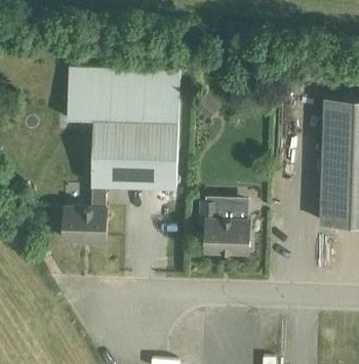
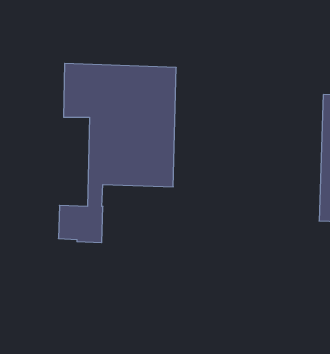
building: [200,196,249,253] -> none

